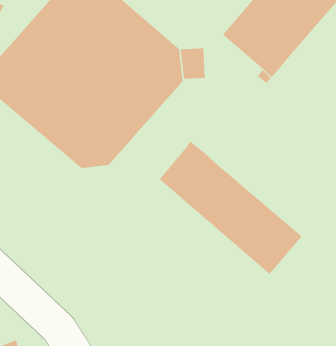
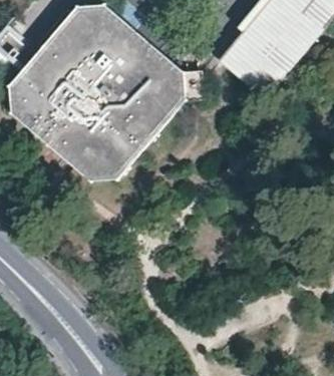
building: [159,141,302,275] -> none

